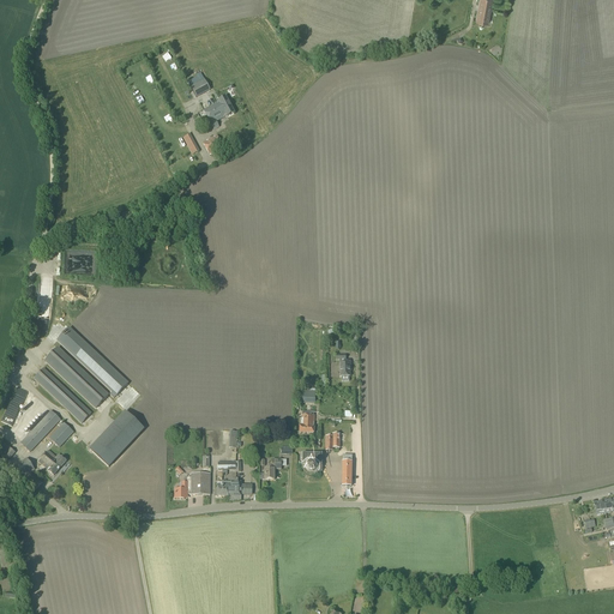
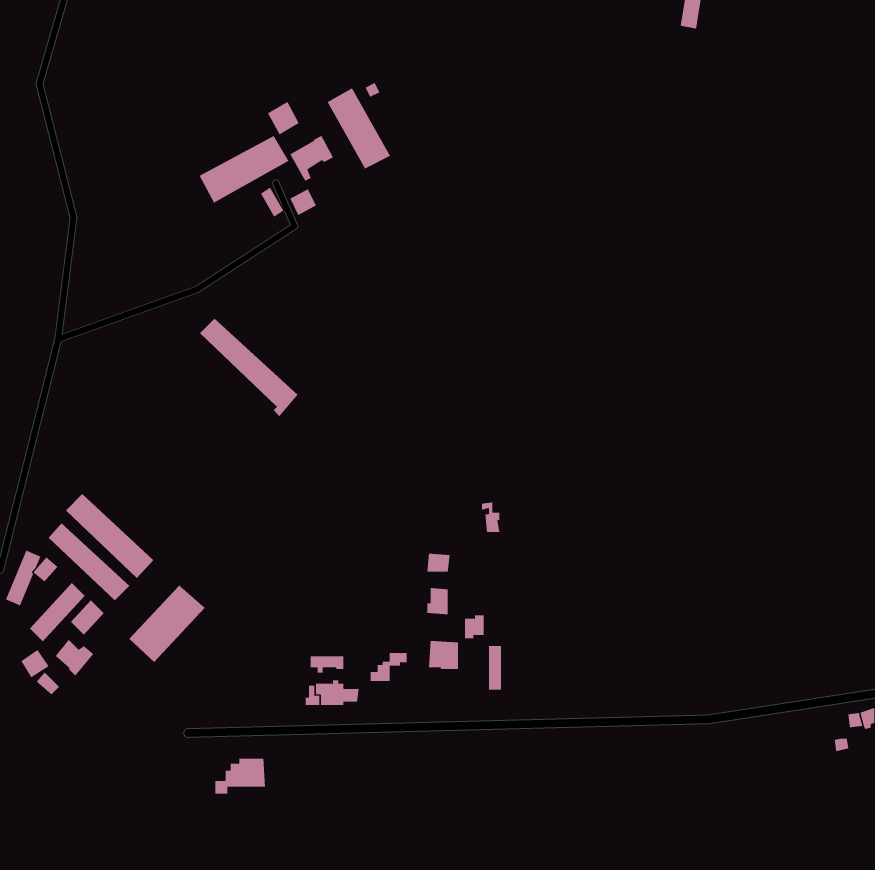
building: none -> [327,88,391,170]
building: none -> [199,135,289,203]
building: [58,326,127,396] -> [199,318,298,417]
building: [174,471,210,496] -> [214,758,266,794]

